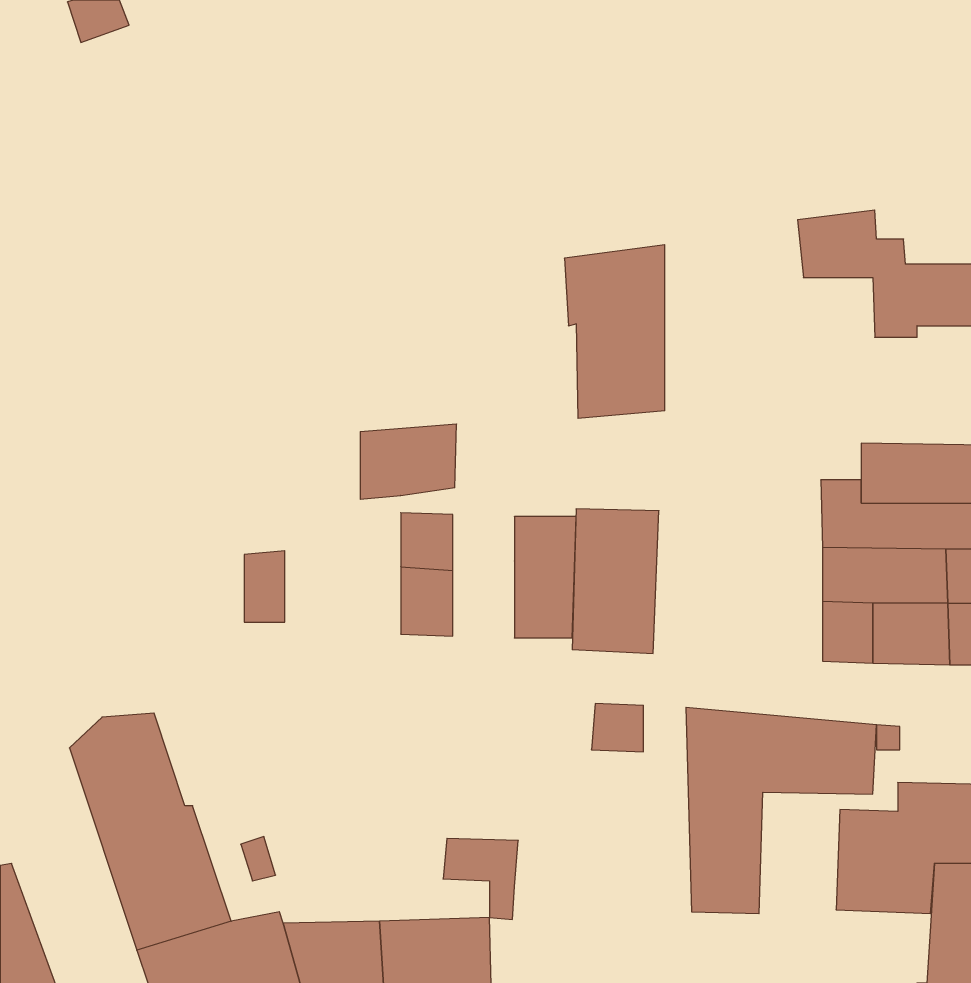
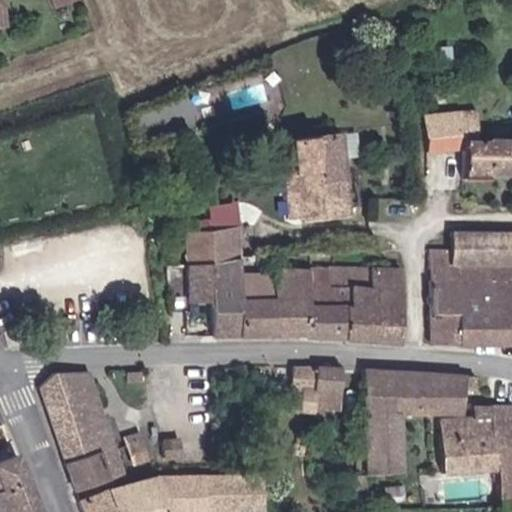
building: none -> [346,266,402,343]
building: [244,551,285,622] -> [194,258,215,295]
building: none -> [242,292,274,332]
building: [443,838,518,919] -> [277,365,316,407]

